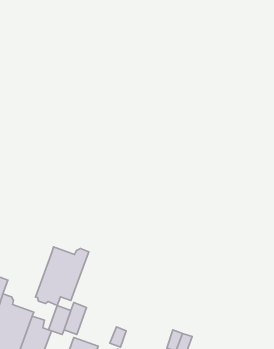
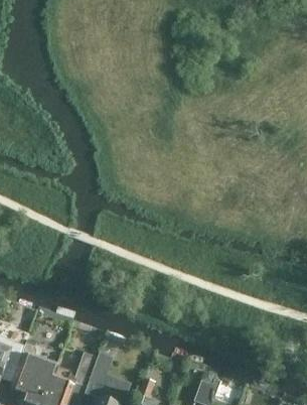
building: [36,247,89,305] -> none

